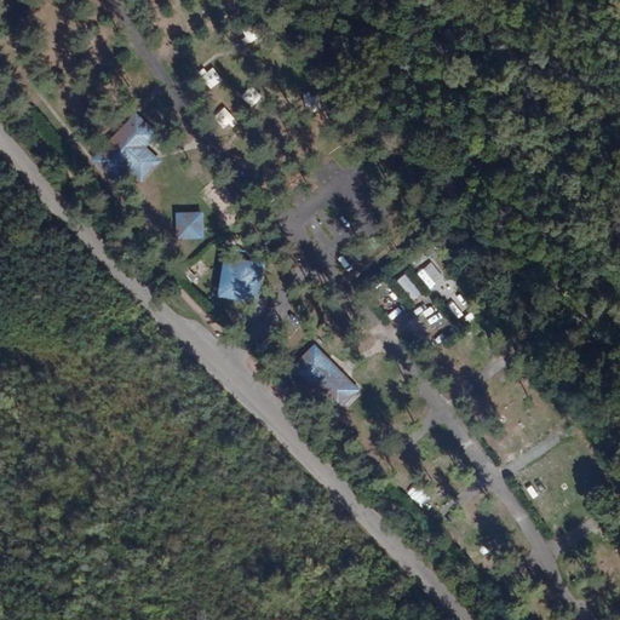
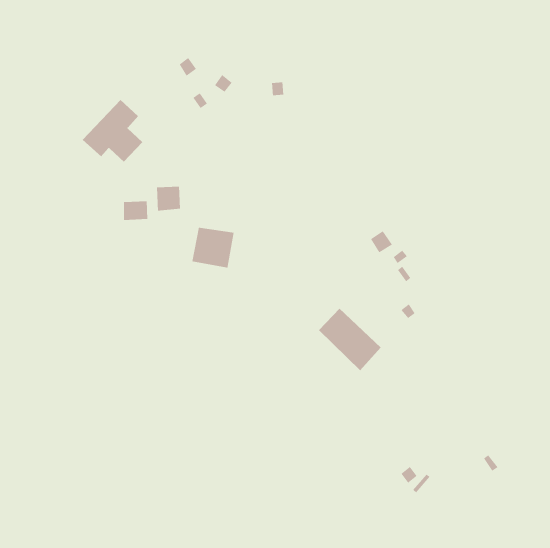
building: none -> [123,200,148,221]
building: [291,344,362,415] -> [318,308,382,371]

